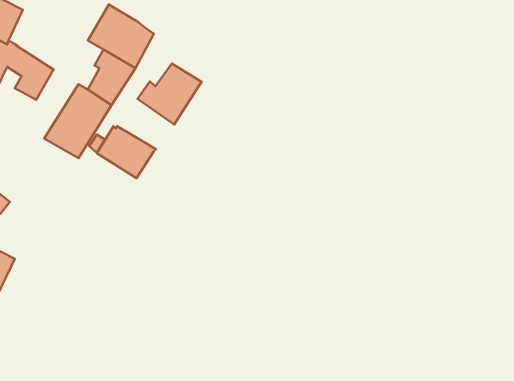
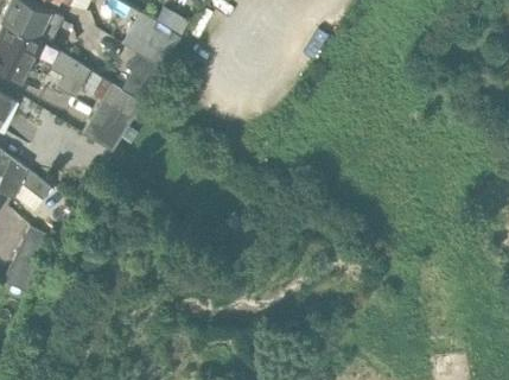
building: [138,64,201,124] -> none
building: [97,126,156,178] -> none

